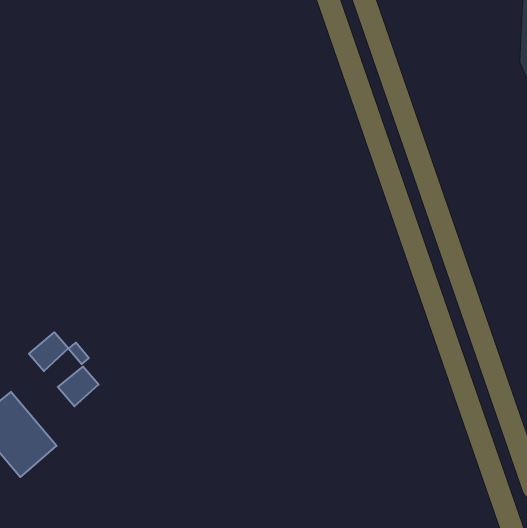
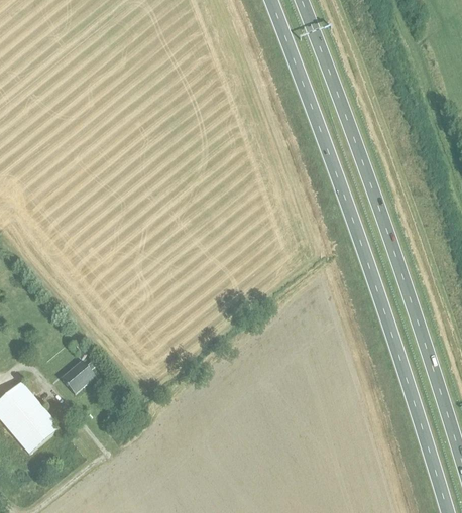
building: [29,332,69,371] -> none

